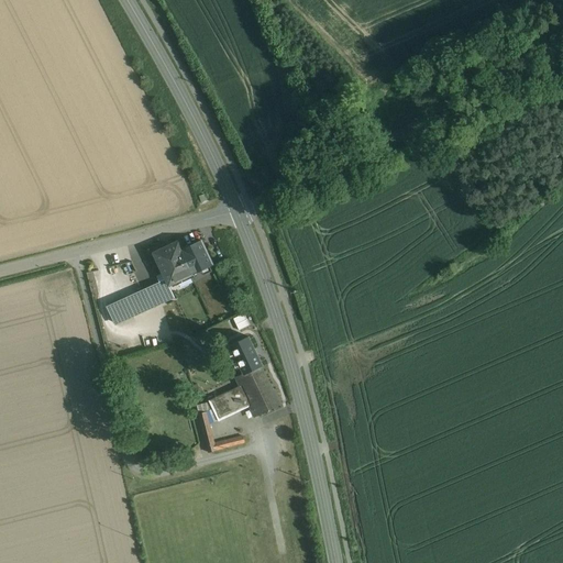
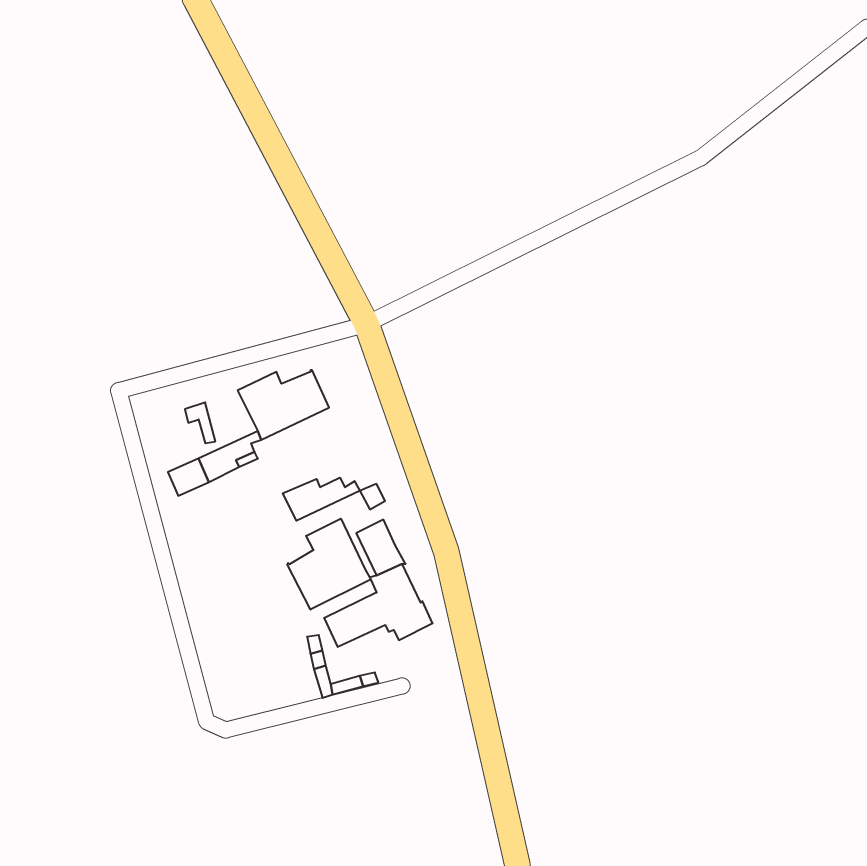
building: none -> [283,478,360,521]
building: none -> [287,519,371,610]

